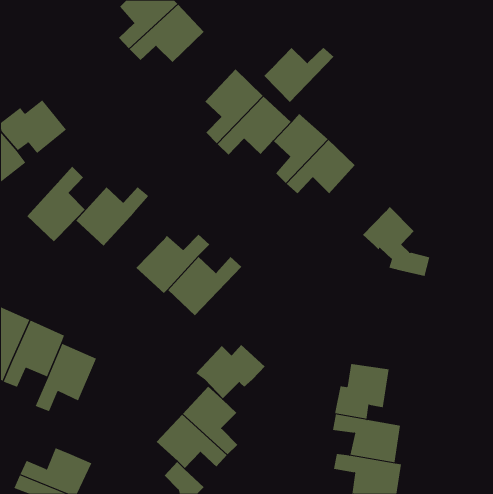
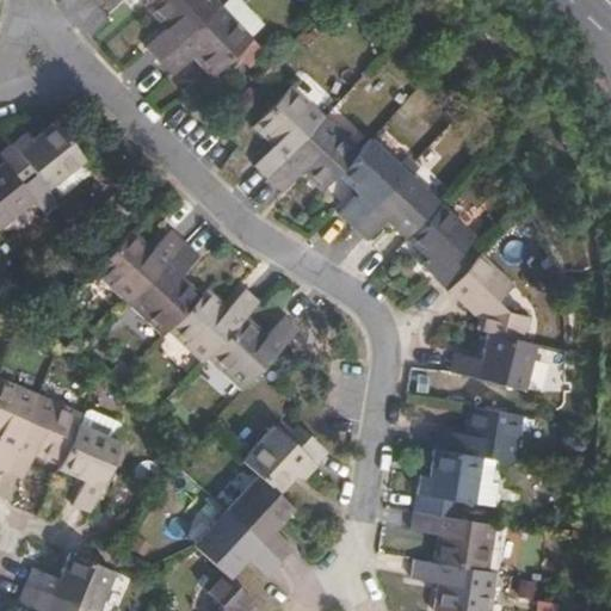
building: [264,47,334,103] -> none
building: none -> [408,203,477,290]
building: [27,166,86,242] -> [130,242,203,337]
building: none -> [451,333,537,390]
building: none -> [434,407,524,462]

